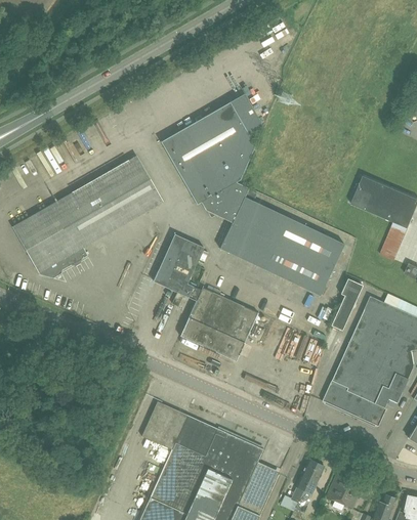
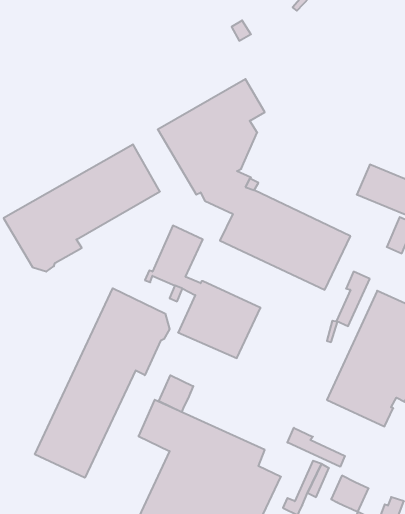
building: none -> [35,288,170,478]
building: none -> [159,375,193,412]
building: none -> [287,428,345,467]

